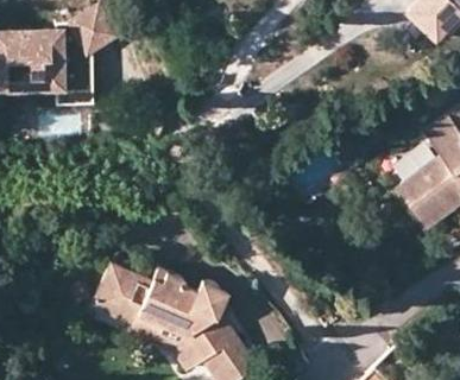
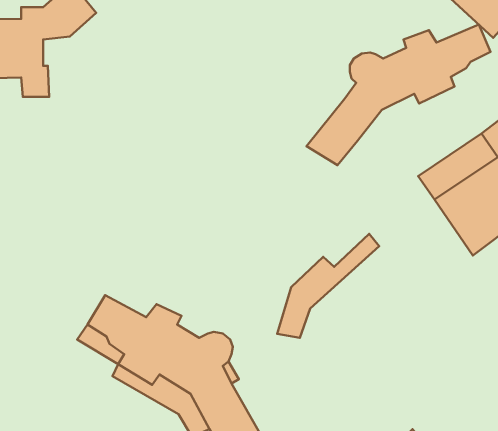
building: none -> [306,24,490,165]
building: none -> [277,234,379,338]

